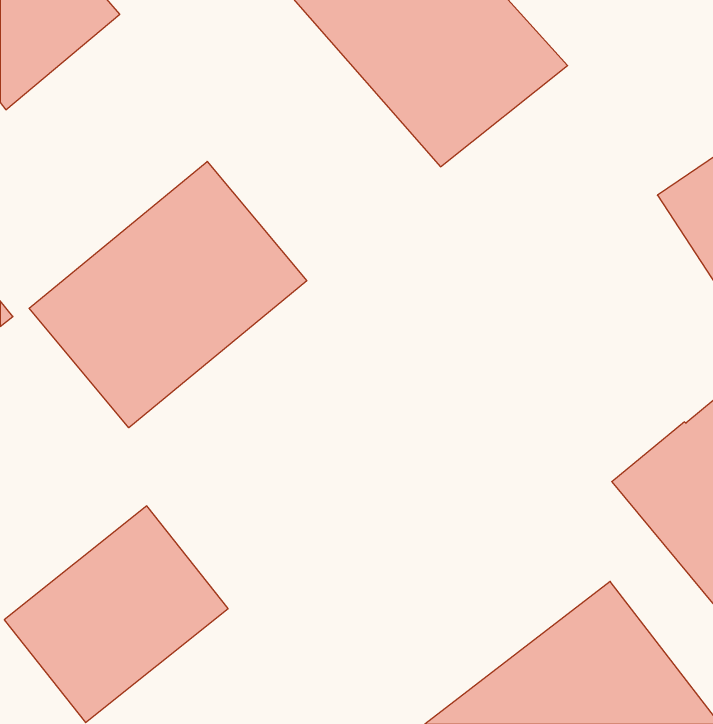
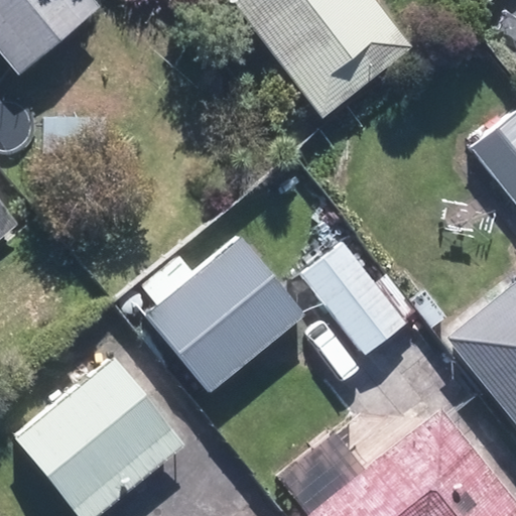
building: [29,161,307,428] -> none
building: none -> [306,238,419,353]
building: none -> [147,239,304,392]

